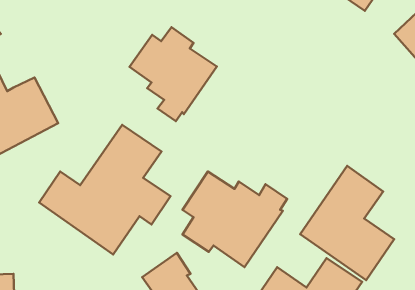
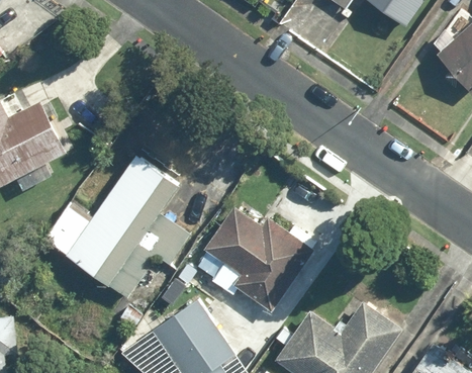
building: [130,27,217,121] -> none
building: [300,166,394,280] -> none

